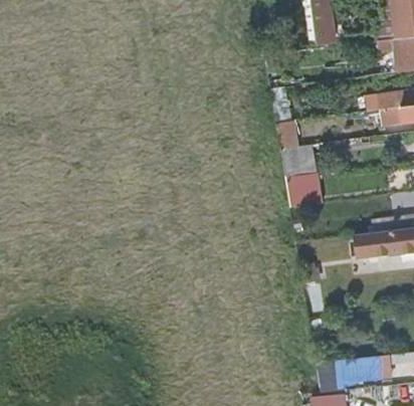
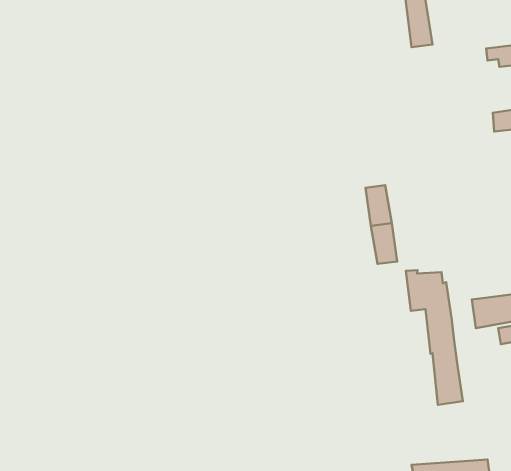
building: none -> [406,270,463,405]

